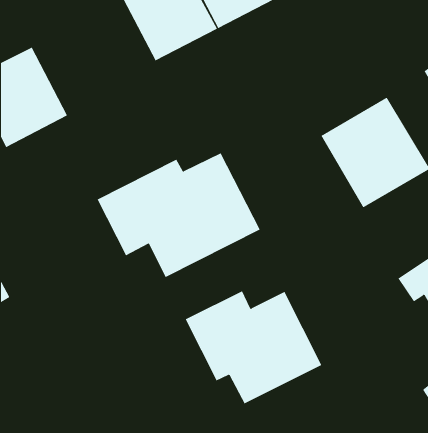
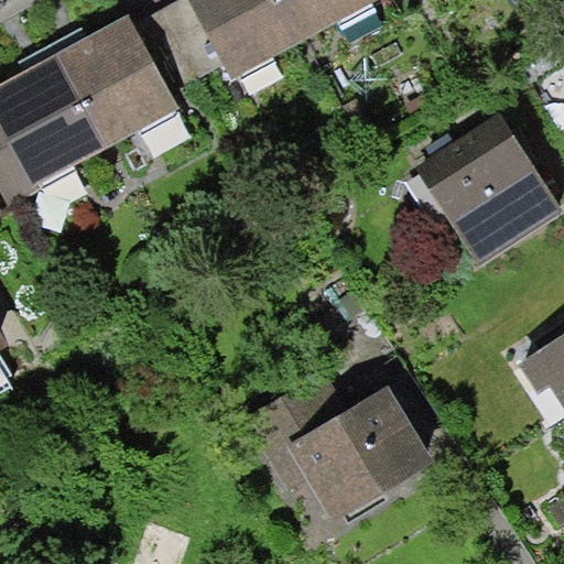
building: none -> [48,19,176,150]
building: [97,153,260,278] -> none

